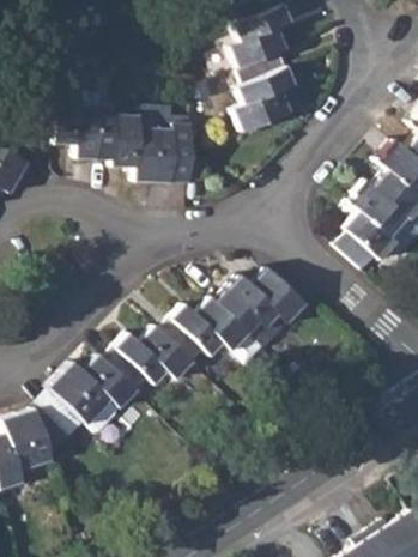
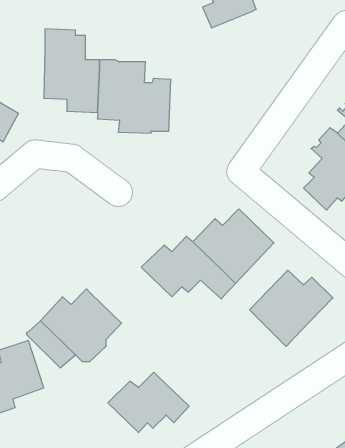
building: [235,50,297,132] -> none
building: [108,325,196,390] -> [108,372,189,433]
building: none -> [250,270,333,346]

